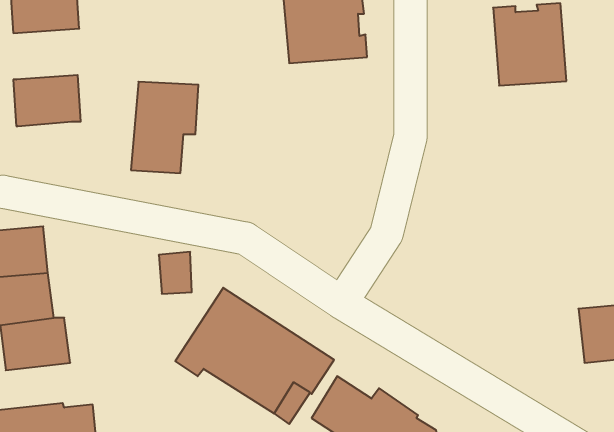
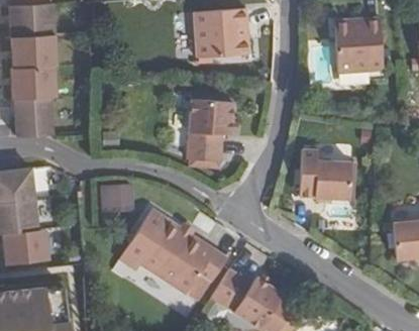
building: none -> [11,34,58,69]
building: [131,82,198,173] -> [188,100,233,161]
building: none -> [14,97,53,136]
building: none -> [300,149,352,199]

